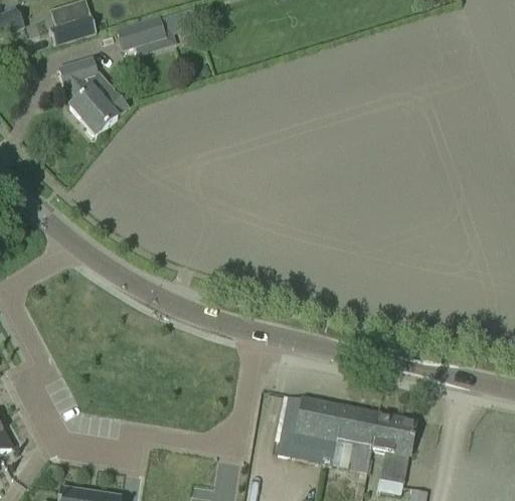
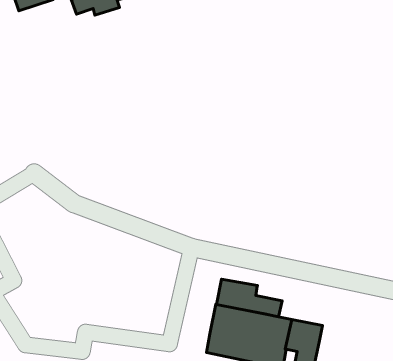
building: [59,56,127,134] -> none
building: none -> [216,279,282,317]

